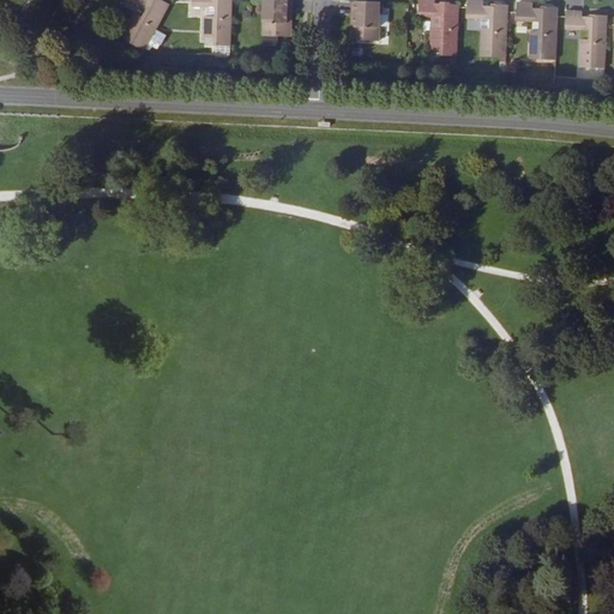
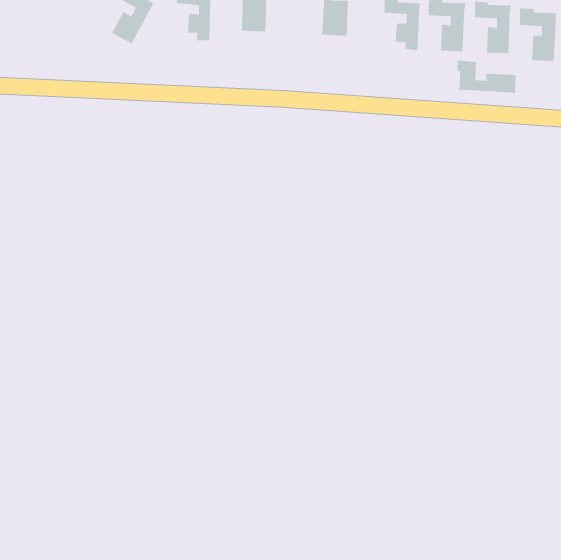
building: none -> [457,60,516,93]

